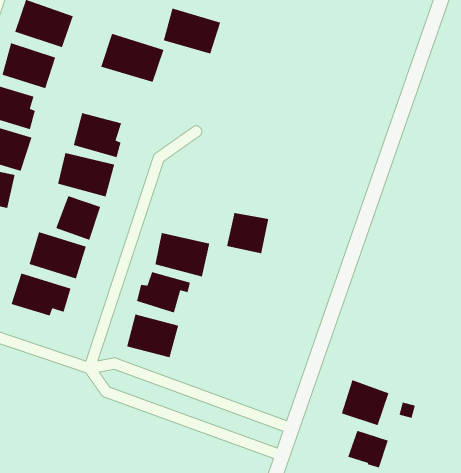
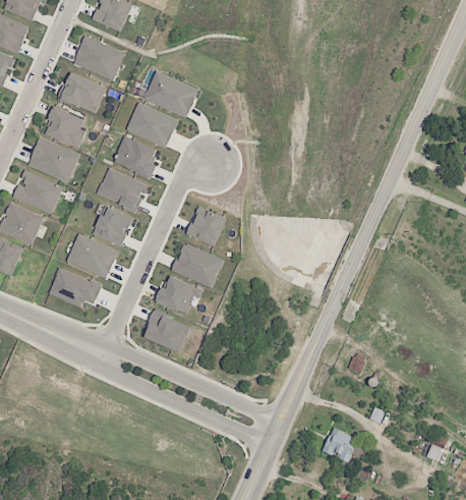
building: [163,8,221,54] -> [126,103,177,146]
building: [226,212,269,254] -> [186,208,225,245]
building: [341,379,389,426] -> none

